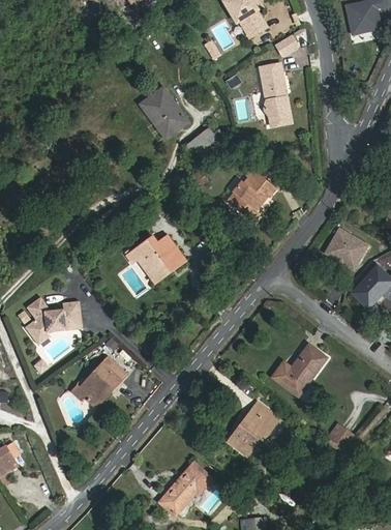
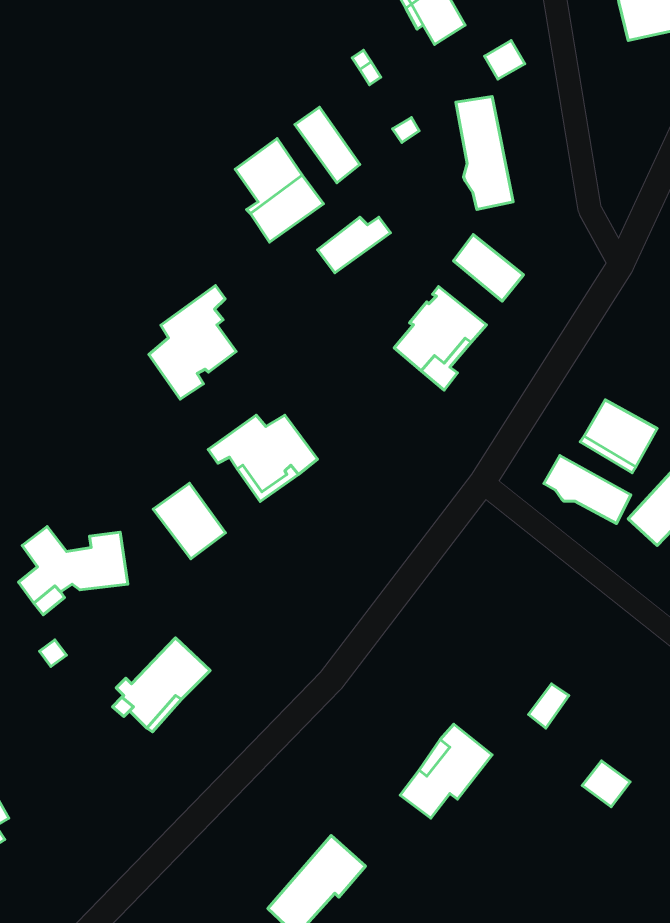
building: none -> [295,107,360,183]
building: none -> [453,234,524,301]
building: none -> [149,286,236,399]
building: none -> [544,455,631,523]
building: none -> [153,483,225,559]
building: [282,344,326,394] -> none

